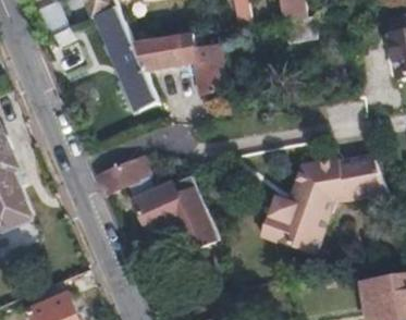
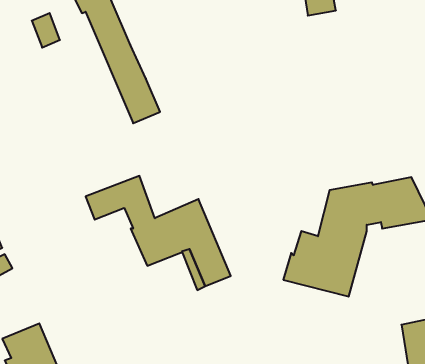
building: [133,30,224,96] -> none

